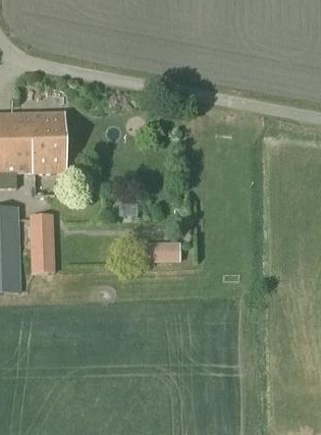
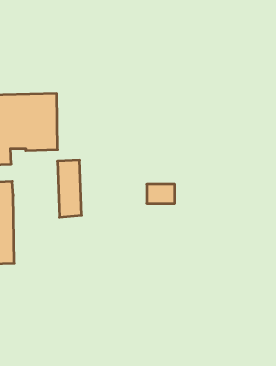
building: [30,214,55,274] -> [57,160,82,217]
building: [151,241,180,262] -> [147,184,175,203]

